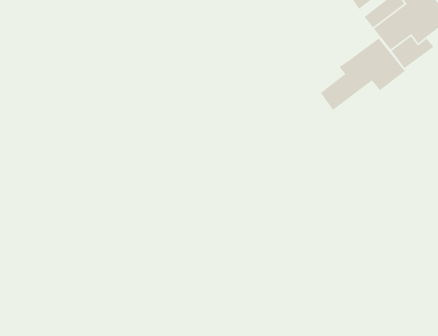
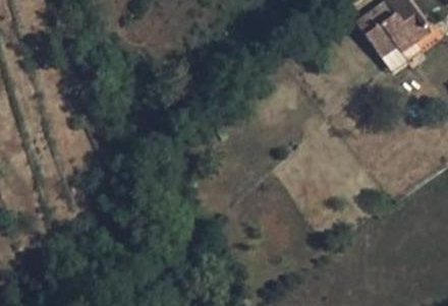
building: [320,37,406,111] -> none

